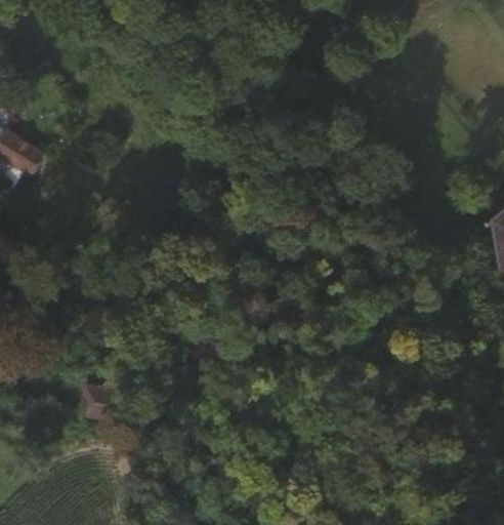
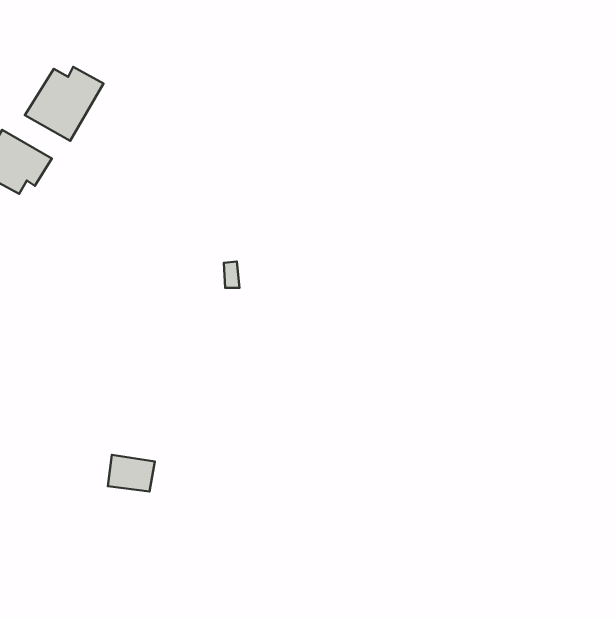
building: none -> [25,67,103,141]

